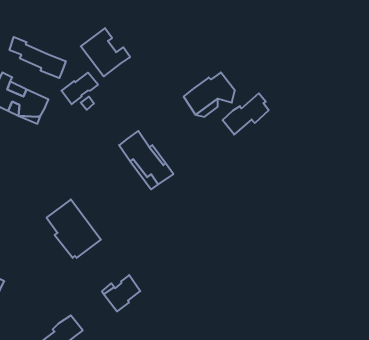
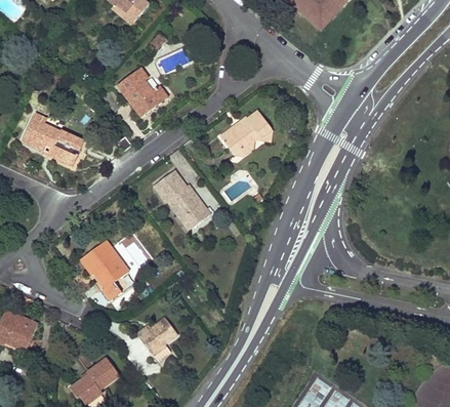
building: [10,37,66,78] -> none
building: [61,73,98,104] -> none
building: [223,93,269,135] -> none

